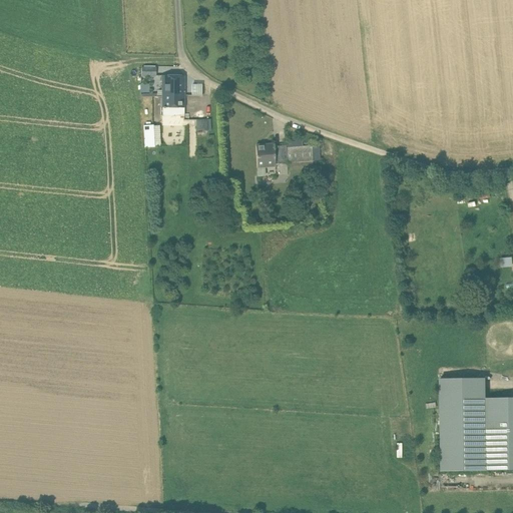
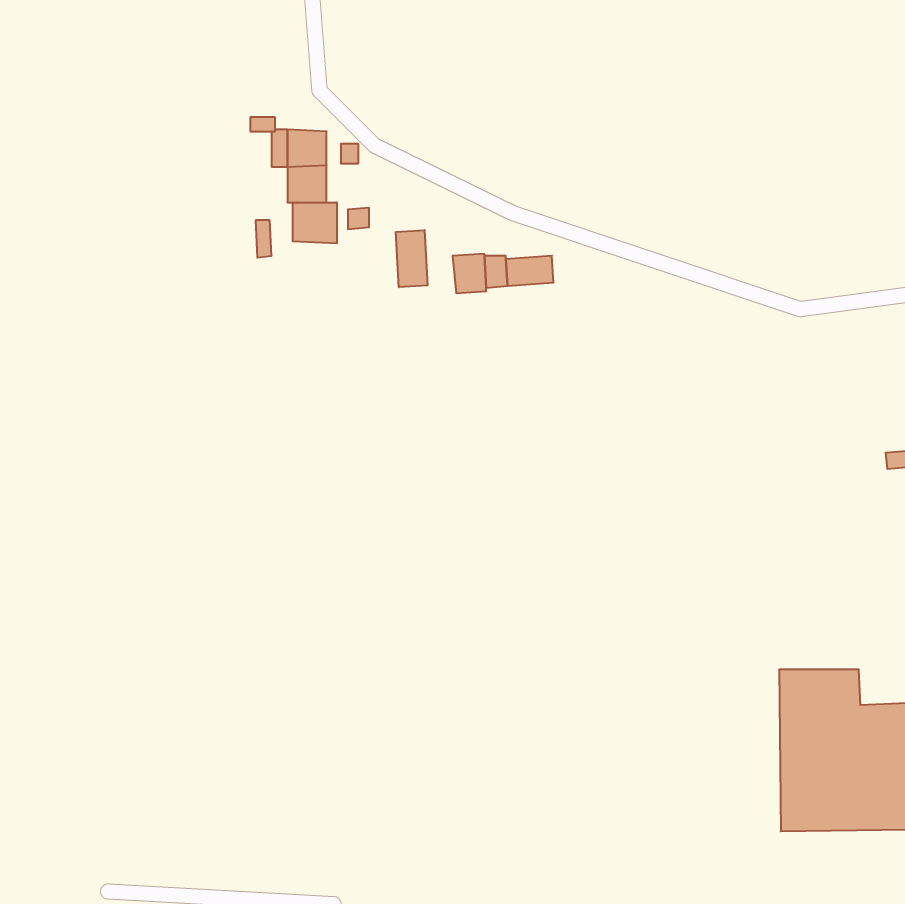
building: none -> [293,202,337,243]
building: none -> [396,230,428,287]

